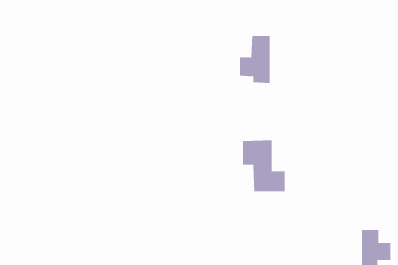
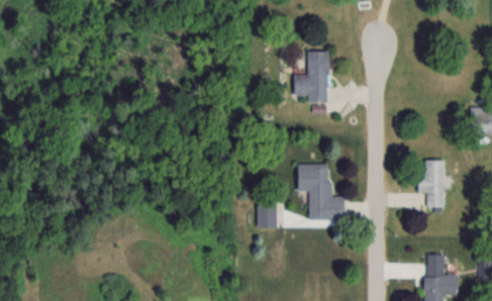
building: none -> [419,160,447,208]
building: none -> [259,198,277,228]

